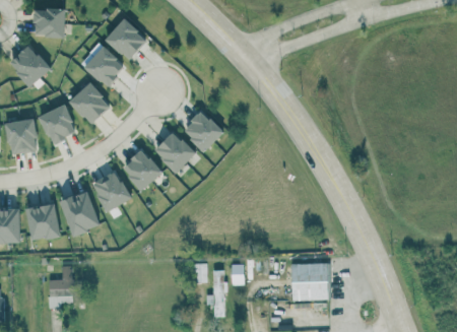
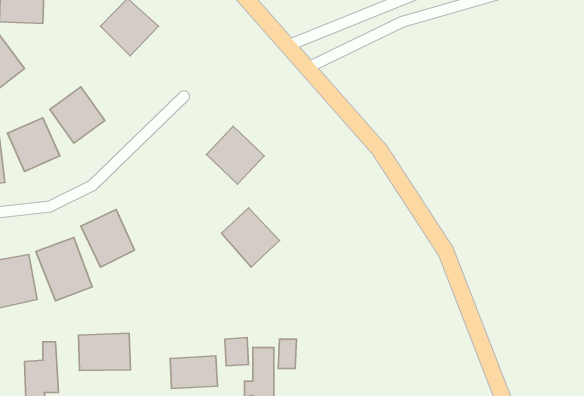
building: [82,46,124,87] -> none
building: [152,131,194,174] -> [222,208,279,267]
building: [120,149,160,191] -> none
building: none -> [79,333,131,371]
building: [290,263,331,301] -> none
building: none -> [170,356,217,389]

